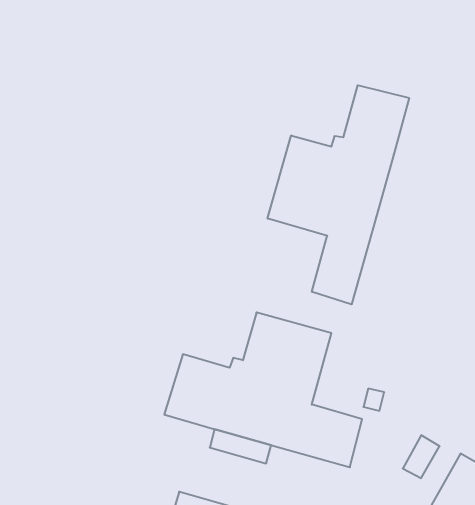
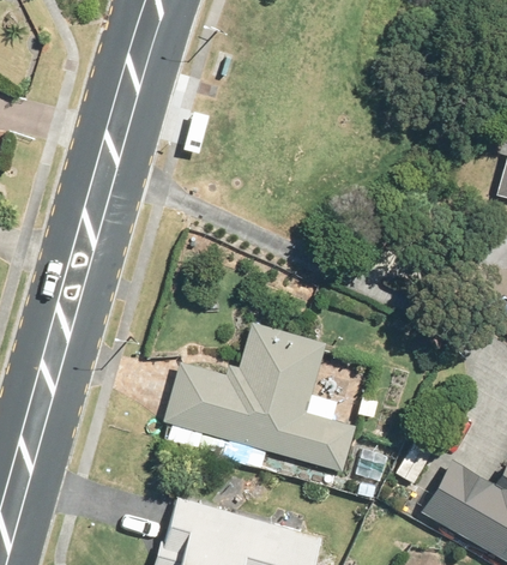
building: [268,85,409,304] -> none

